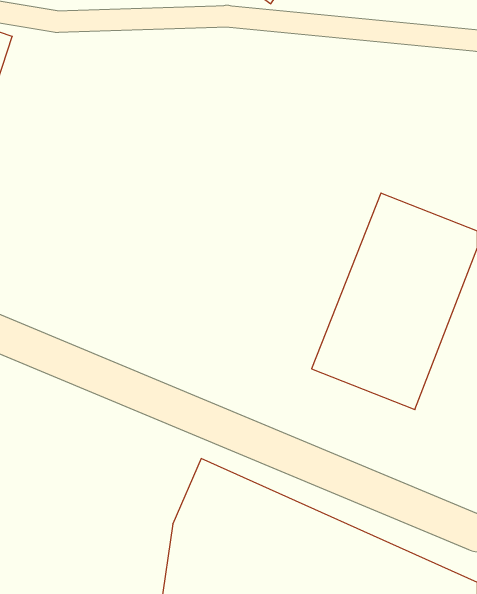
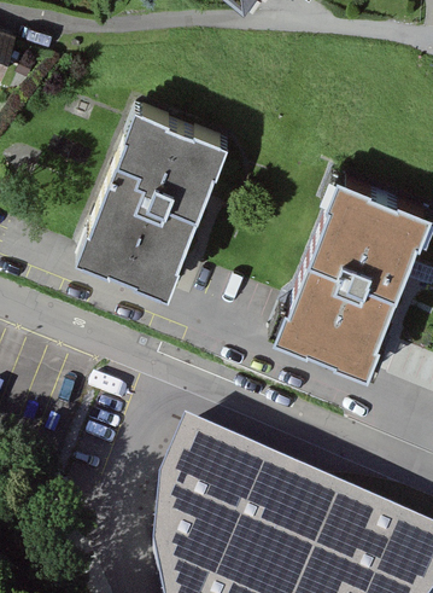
building: none -> [82,109,233,292]

